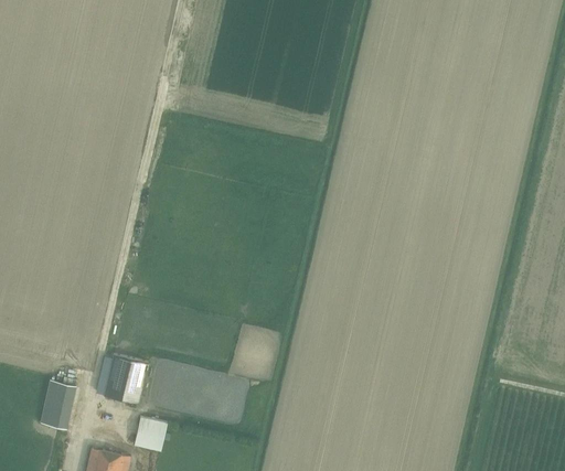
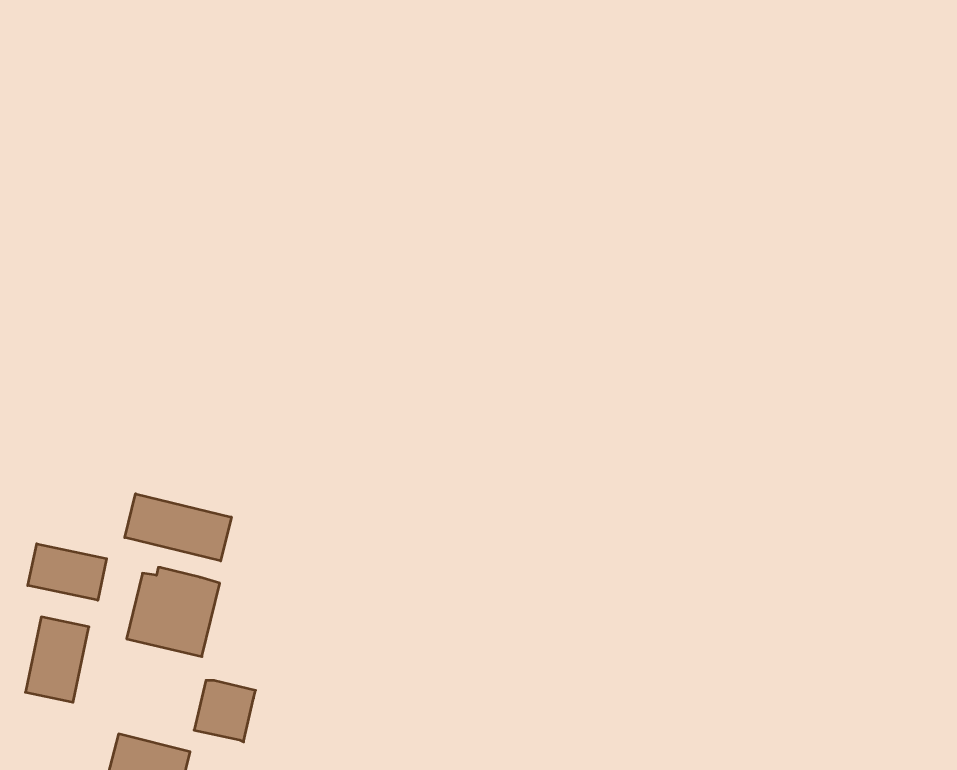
building: none -> [125,494,231,561]
building: none -> [28,544,107,600]

